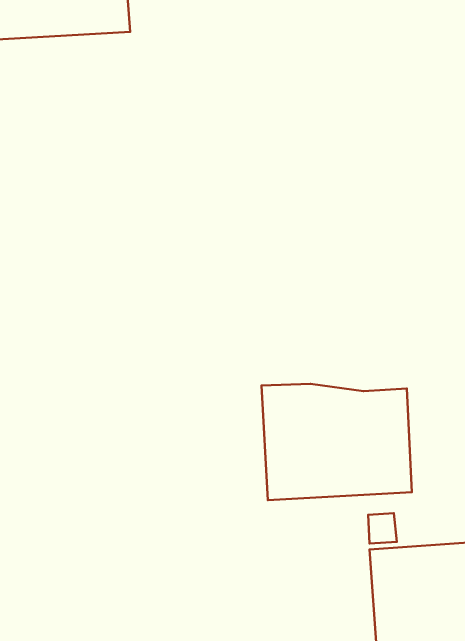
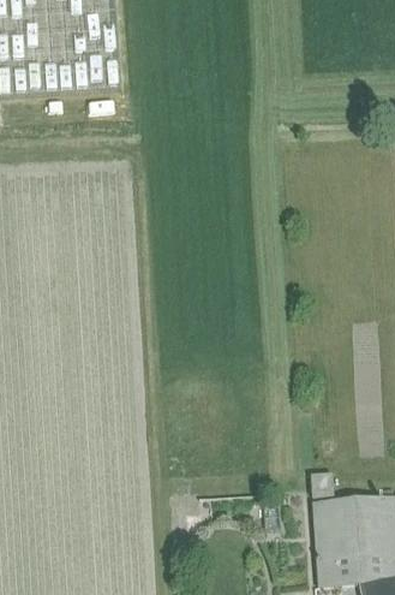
building: [261,384,412,500] -> none

